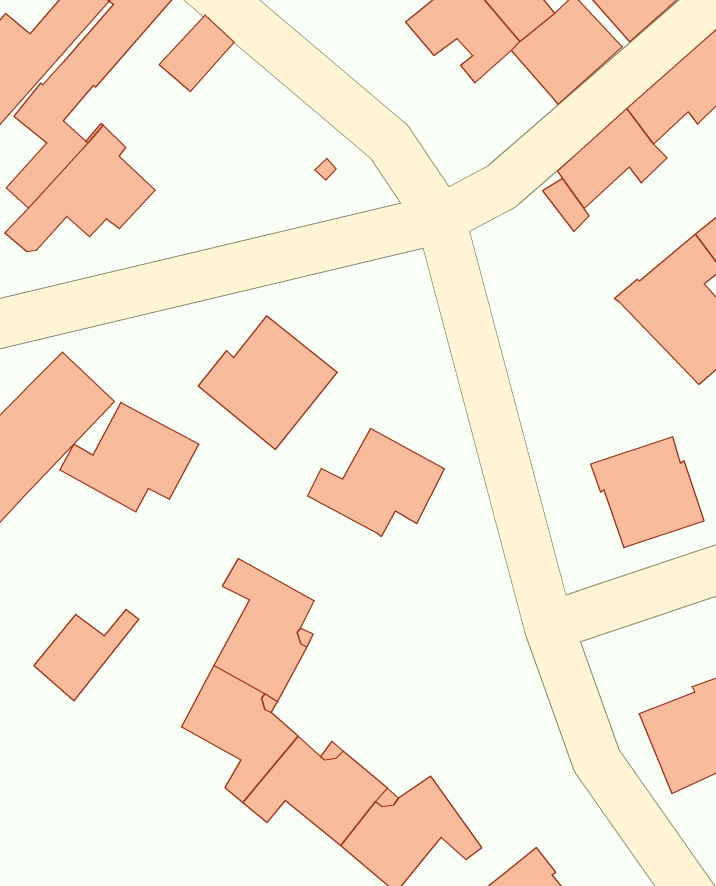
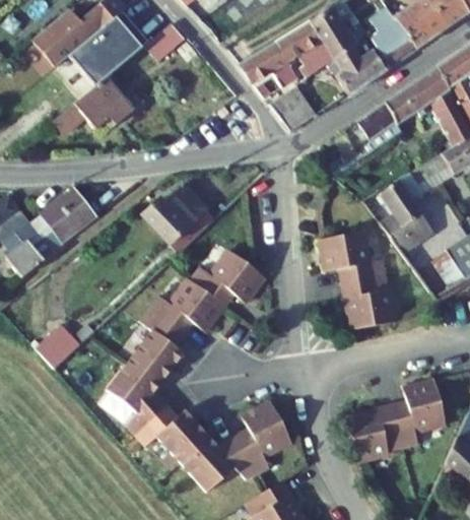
building: none -> [240,42,298,87]
building: none -> [270,85,317,131]
building: none -> [319,232,385,284]
building: [60,402,199,512] -> [150,277,224,335]
building: none -> [234,402,291,475]

